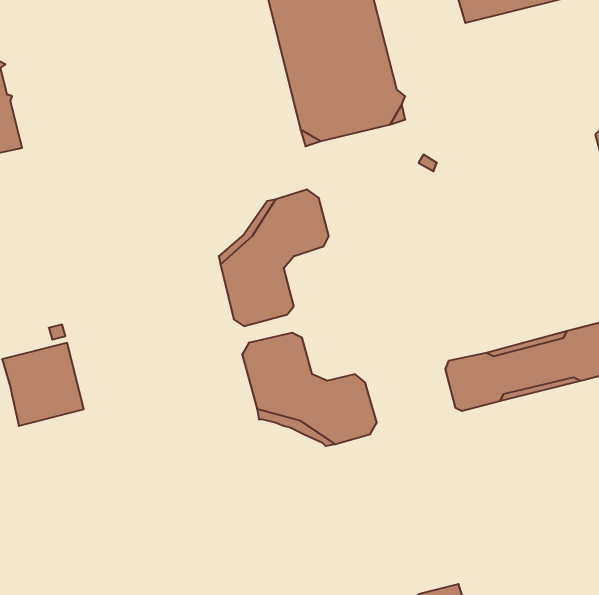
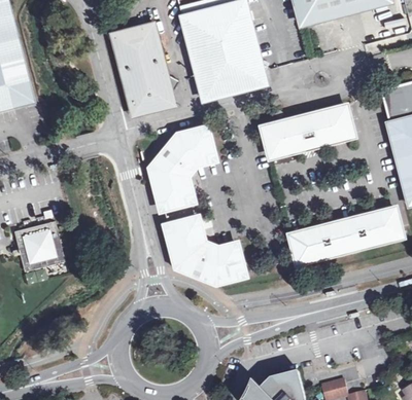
building: none -> [111,23,178,112]
building: none -> [261,105,353,157]

